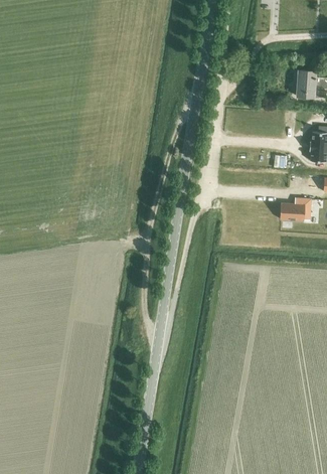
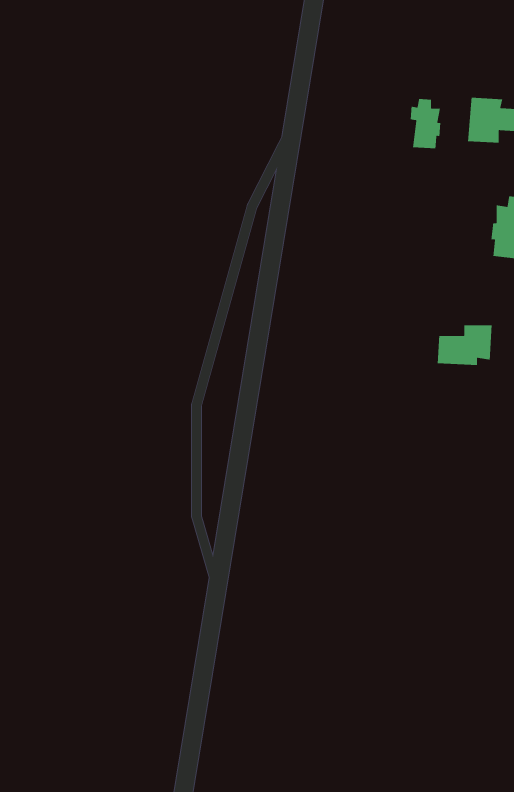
building: none -> [410,98,441,149]

